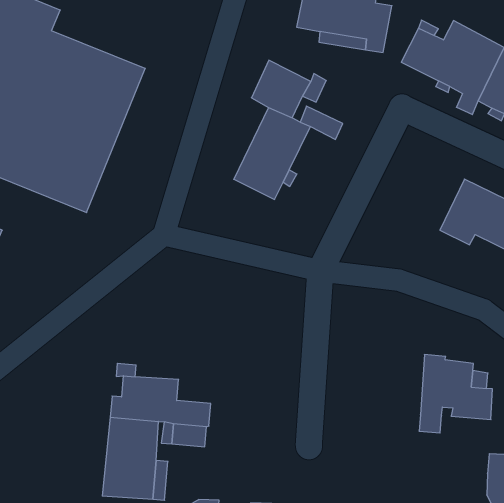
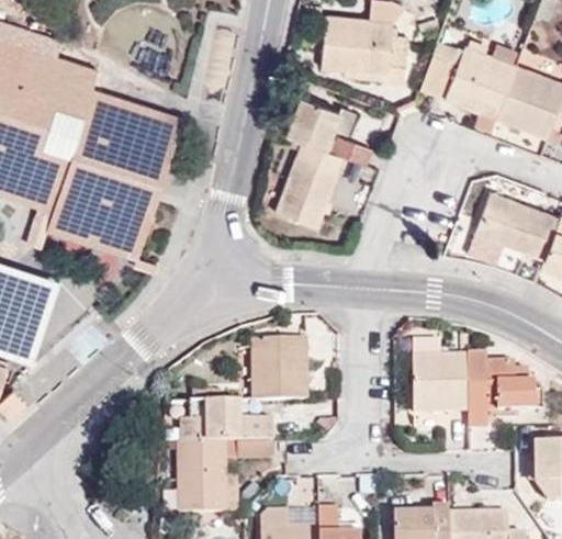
building: none -> [251,339,306,400]
building: none -> [412,357,467,413]

